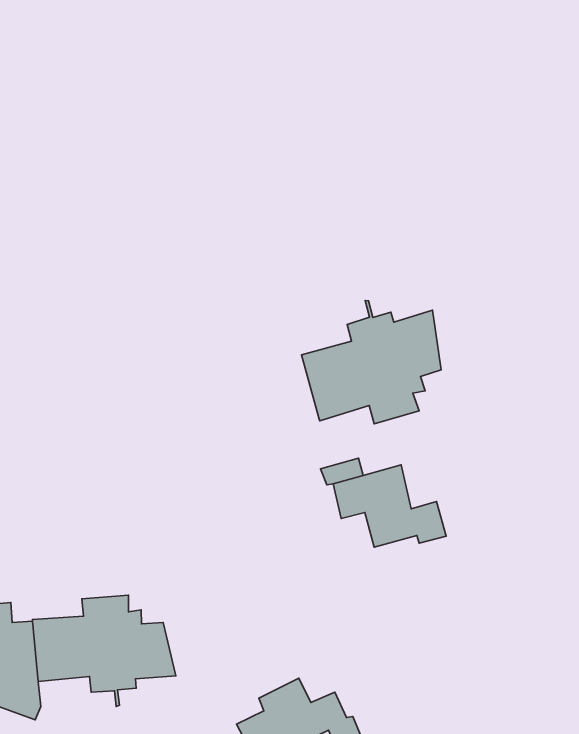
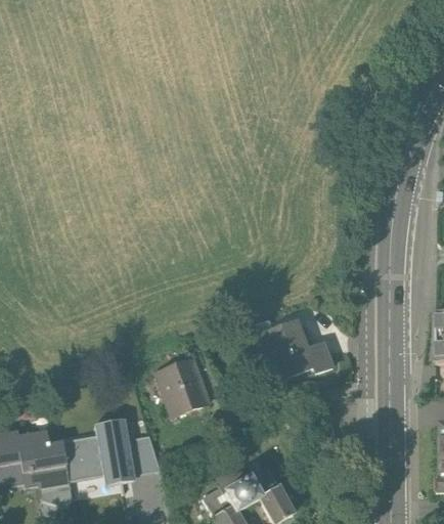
building: [302,301,441,424] -> none
building: none -> [156,359,208,418]

